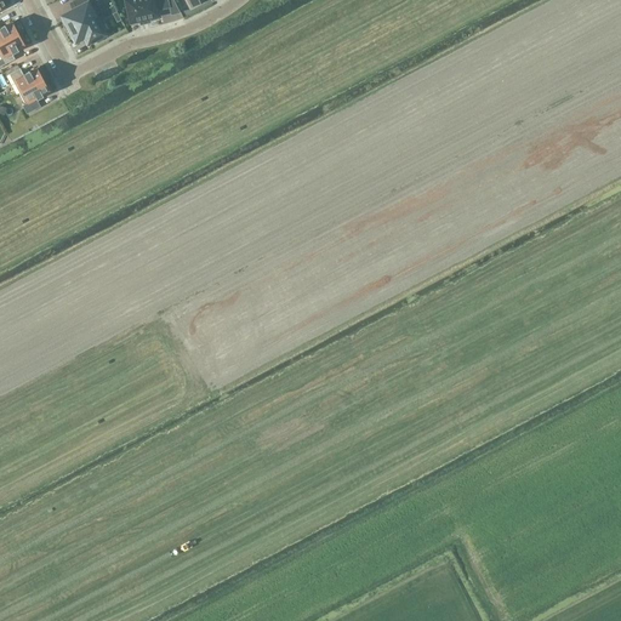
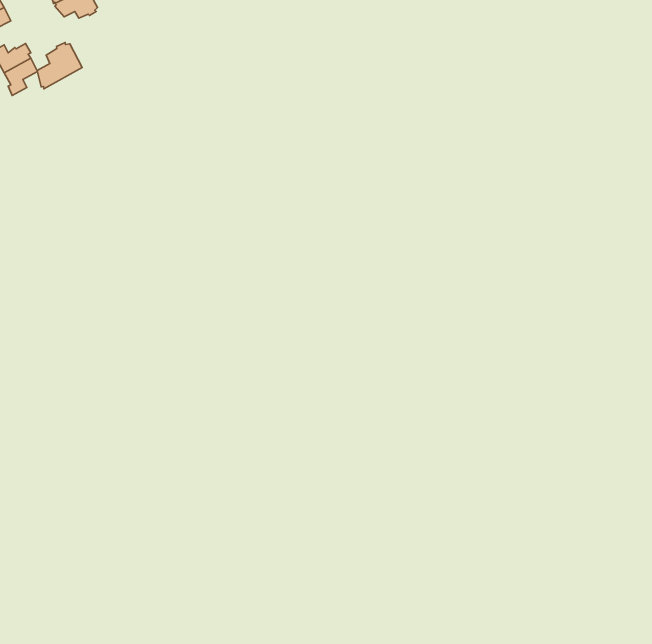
building: none -> [37,42,82,89]

